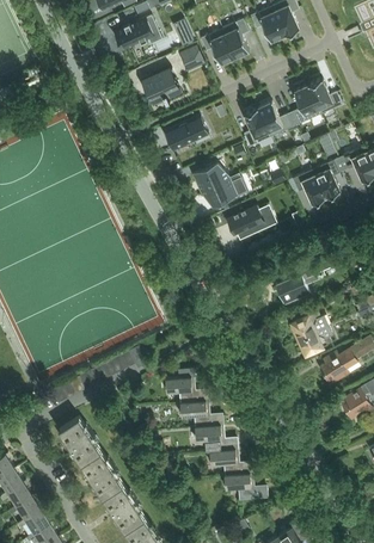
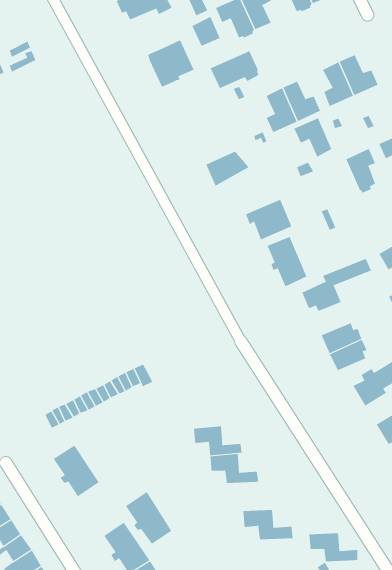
building: [165,116,208,149] -> [210,50,259,89]
building: [292,169,325,204] -> [294,117,332,157]
building: [200,177,238,208] -> none
building: none -> [267,236,307,287]
building: [165,369,209,403] -> none
building: [80,450,121,496] -> [125,491,172,545]
building: [209,450,252,475] -> [309,533,358,562]

